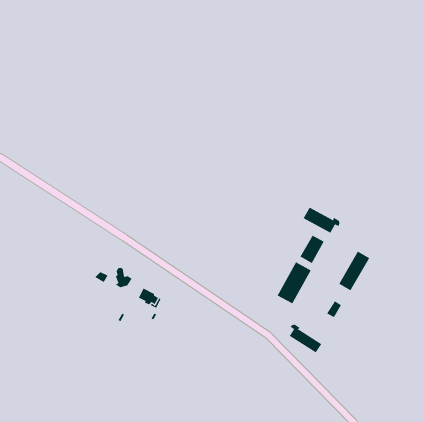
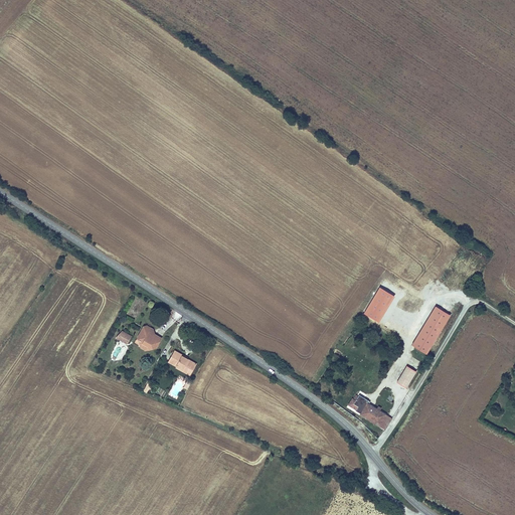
building: [303,207,340,234] -> none
building: [277,262,312,304] -> none

